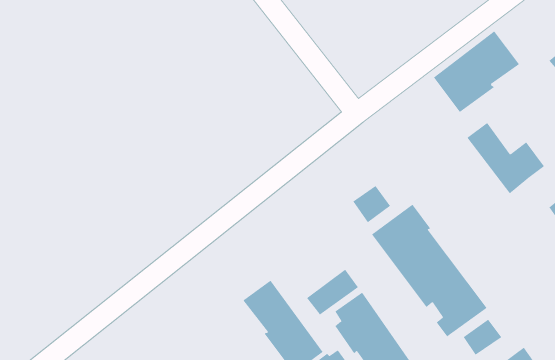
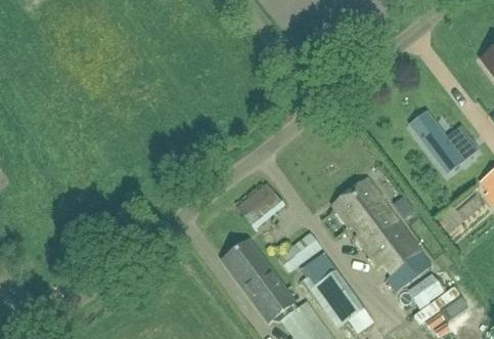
building: [433,31,520,113] -> none
building: [352,185,391,223] -> none
building: none -> [236,183,280,225]

